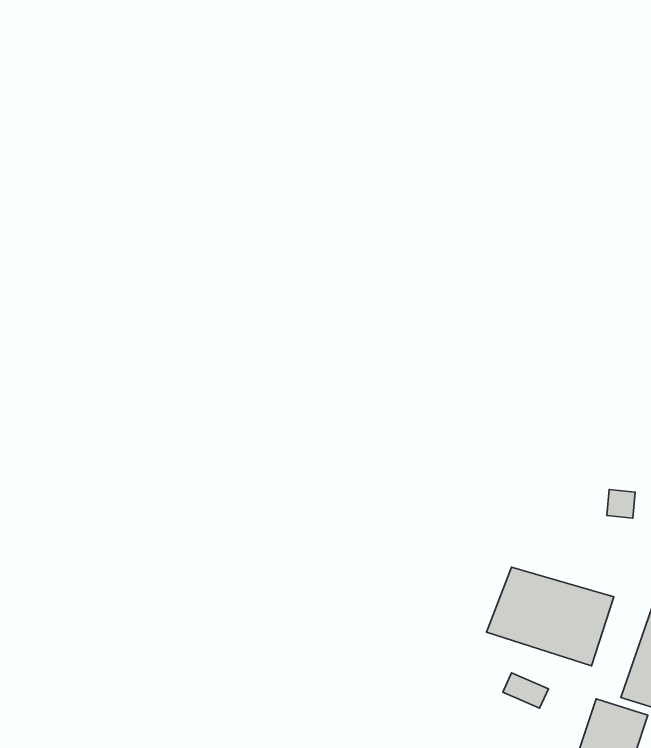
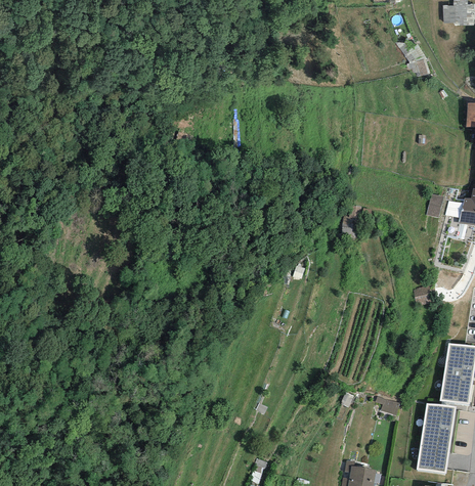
building: [487,567,614,666] -> none

